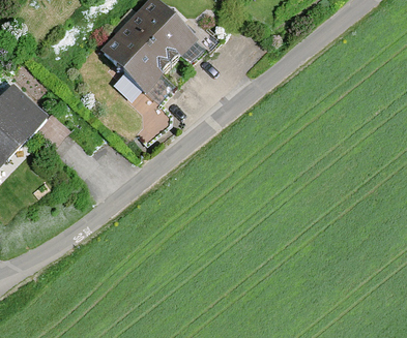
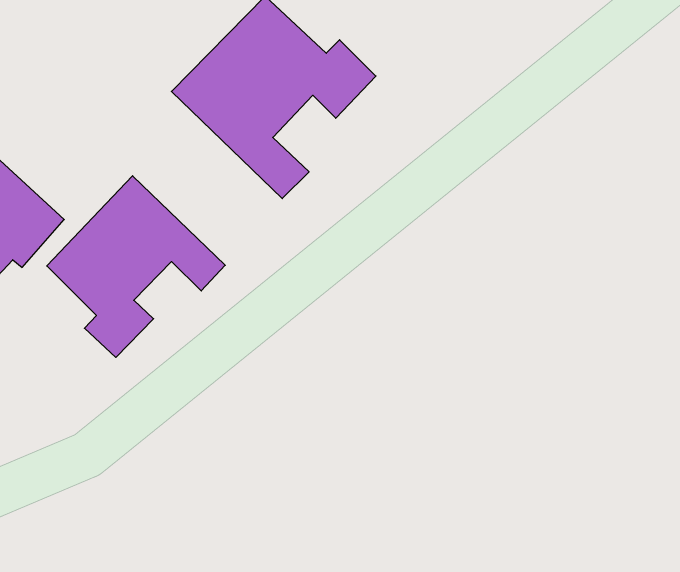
building: none -> [47,176,225,357]

